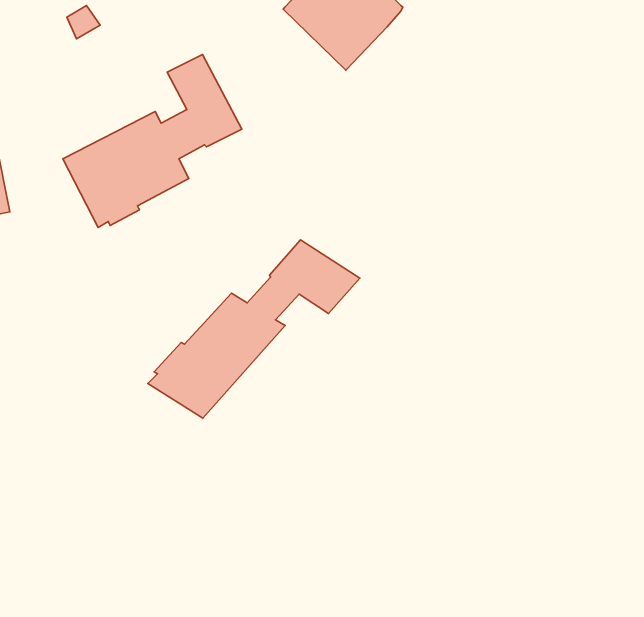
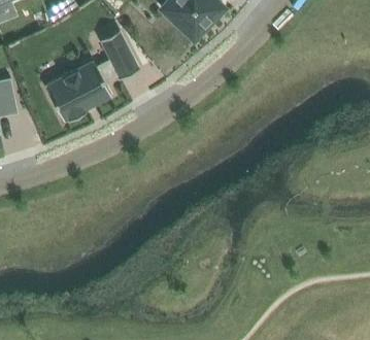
building: [148,240,360,418] -> none

